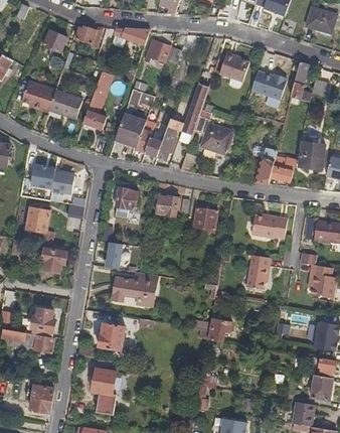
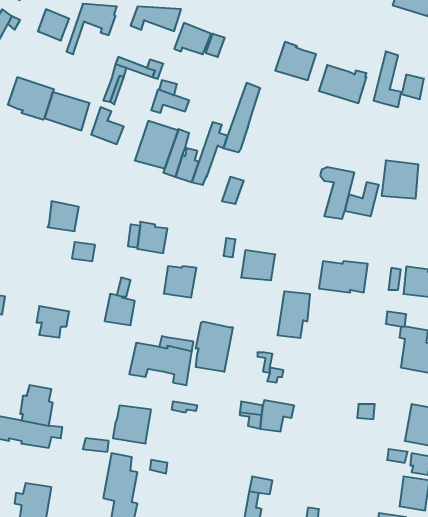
building: [193,117,230,156] -> none
building: [29,165,54,188] -> none
building: [156,193,180,216] -> [164,266,196,298]
building: [25,207,52,245] -> none
building: [245,255,270,289] -> [277,291,310,338]
building: none -> [196,322,233,372]

